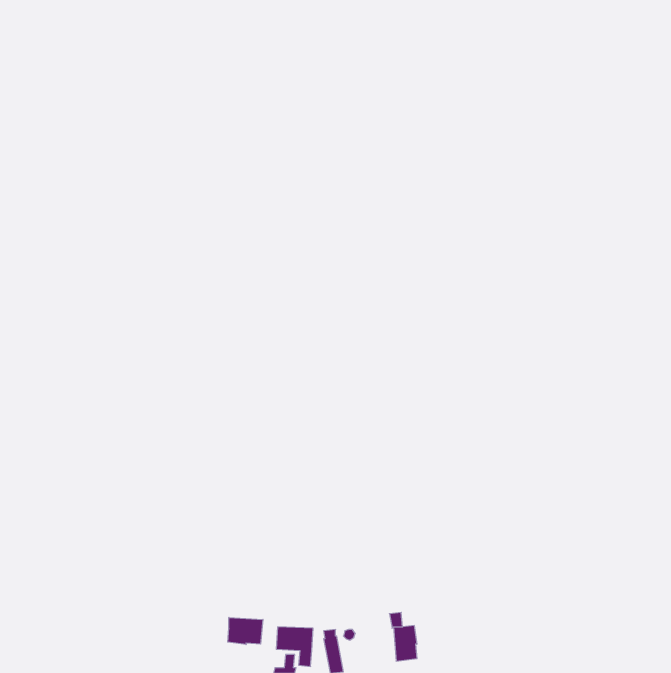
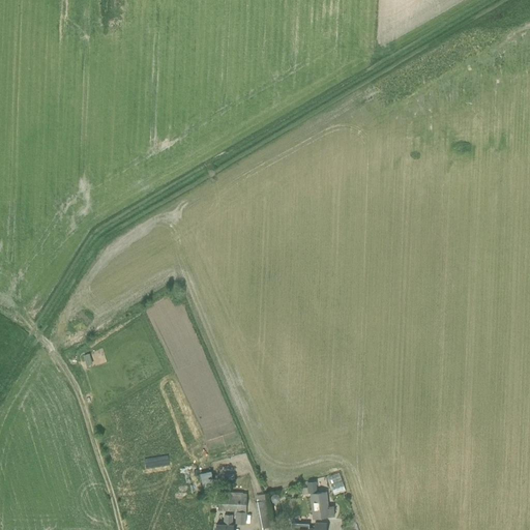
building: [228,617,263,645] -> none

